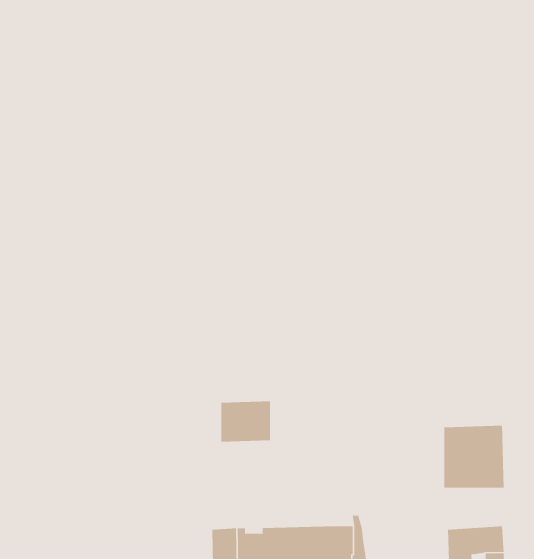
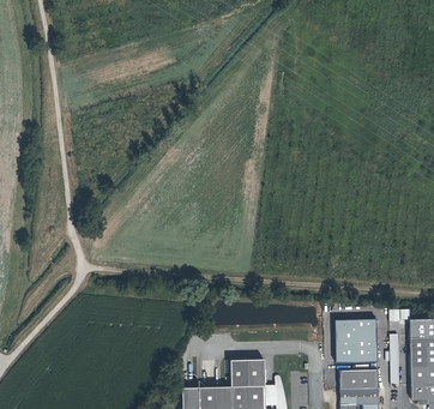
building: [220,401,271,442] -> [230,360,264,387]
building: none -> [337,369,375,389]

